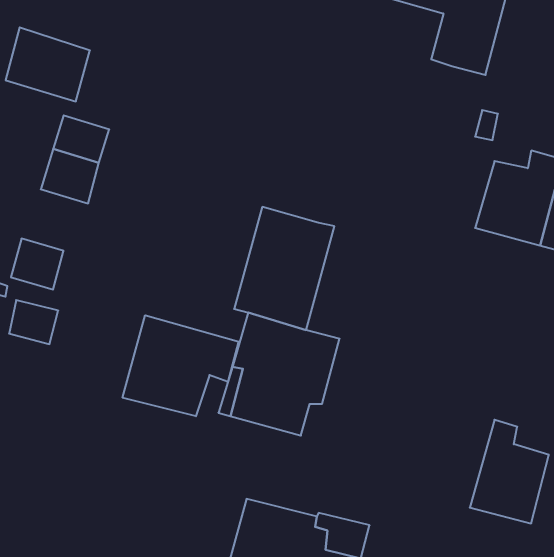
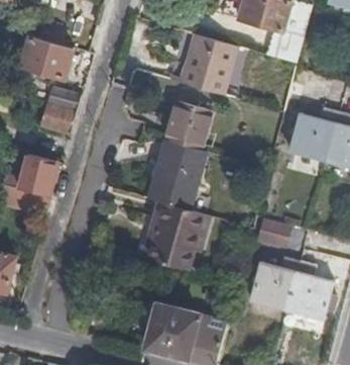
building: none -> [172,35,233,94]
building: none -> [164,101,209,150]
building: [123,315,239,416] -> none
building: none -> [259,218,298,250]
building: none -> [249,259,300,313]

